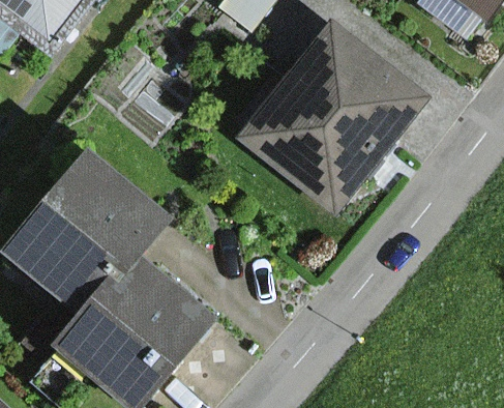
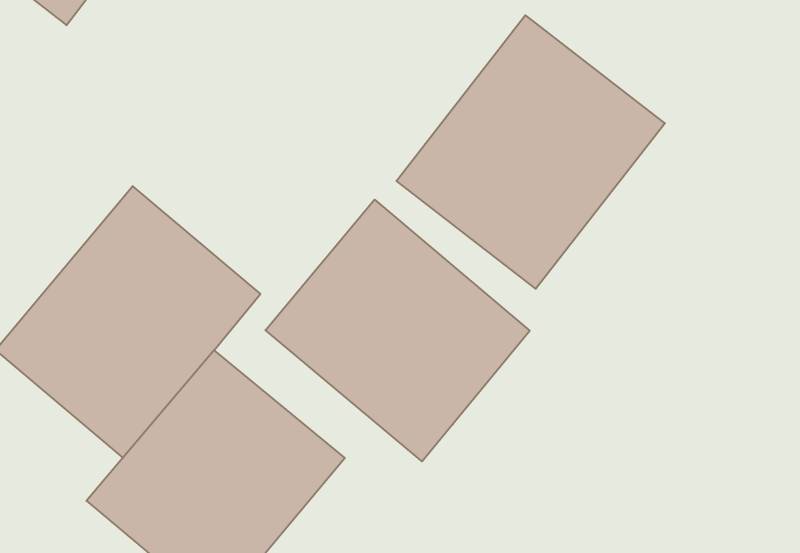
building: none -> [265,200,530,461]

